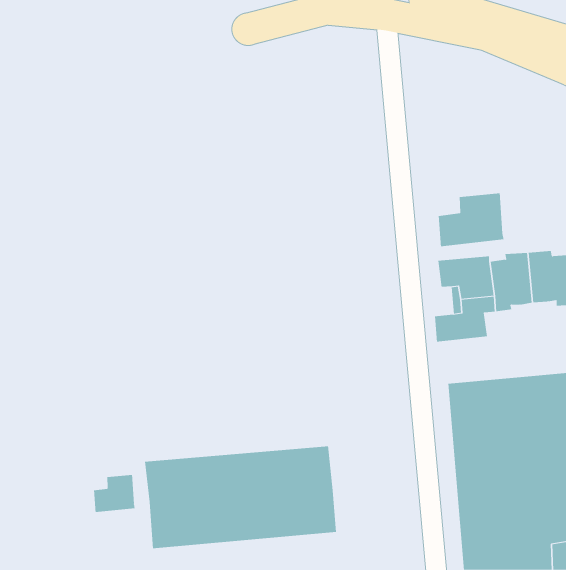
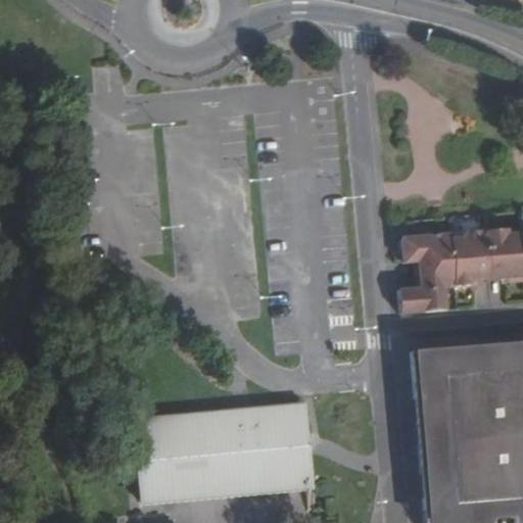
building: [438,193,504,247] -> none
building: [94,474,135,513] -> none

